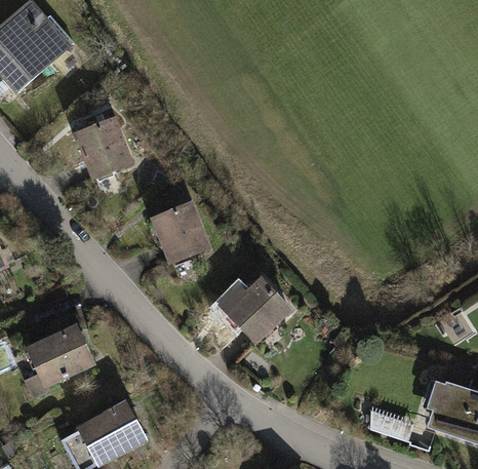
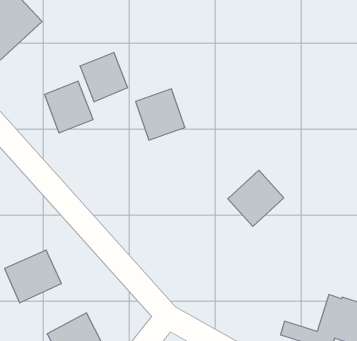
building: none -> [80,52,127,102]
building: [150,200,210,263] -> [136,89,185,140]
building: [223,274,291,343] -> [228,170,284,226]

